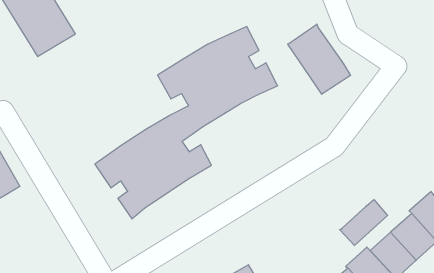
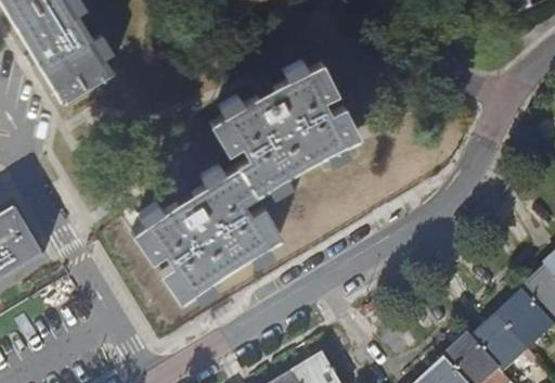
building: [288,24,351,94] -> none
building: [340,200,388,246] -> none

